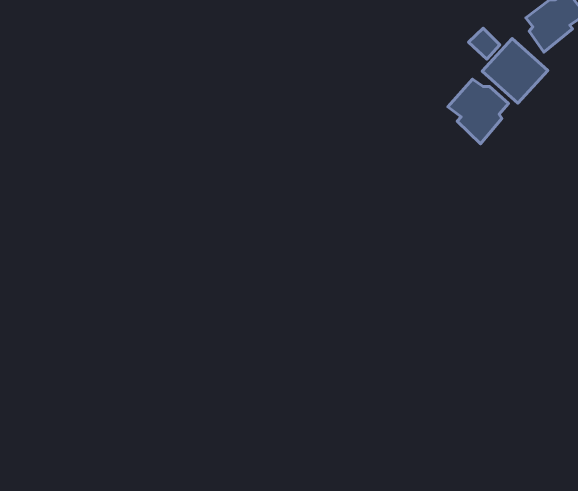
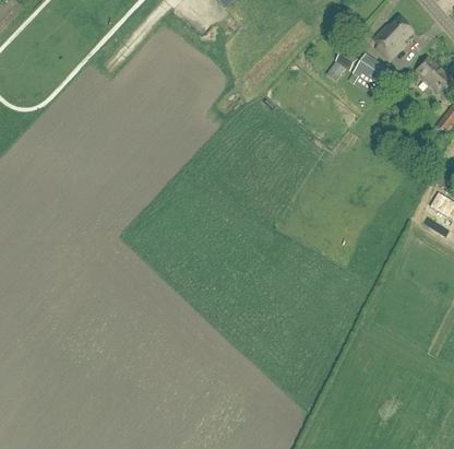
building: [448,79,509,144] -> none

